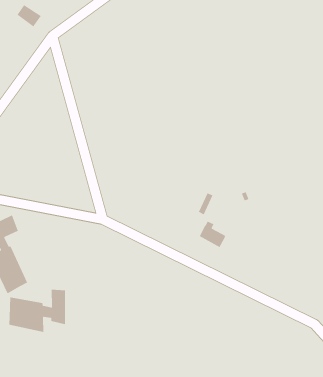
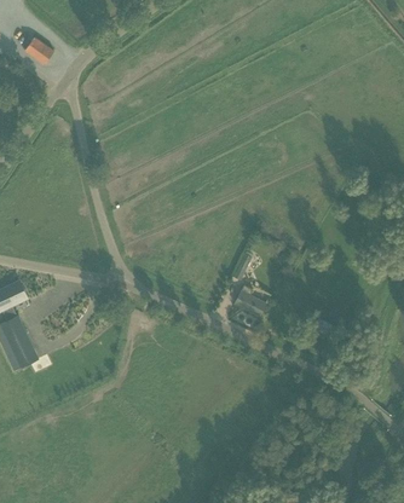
building: [8,289,66,333] -> none

